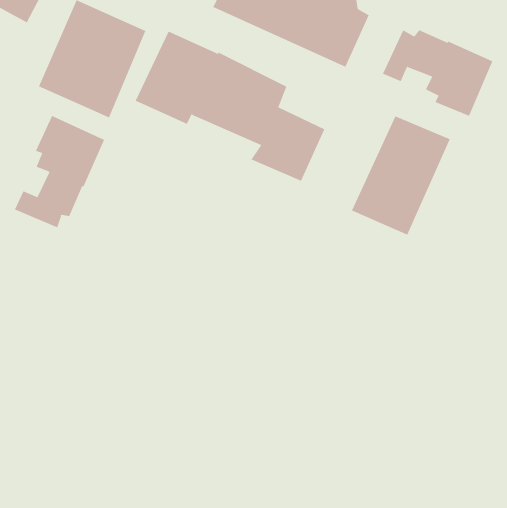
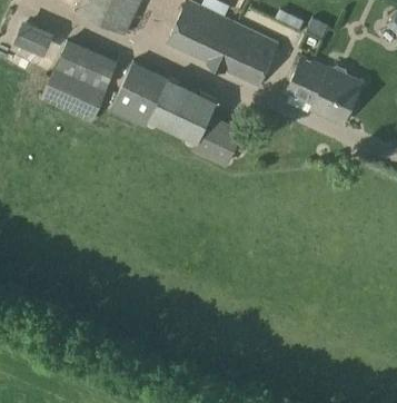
building: [14,115,105,228] -> none
building: [351,115,451,235] -> none

